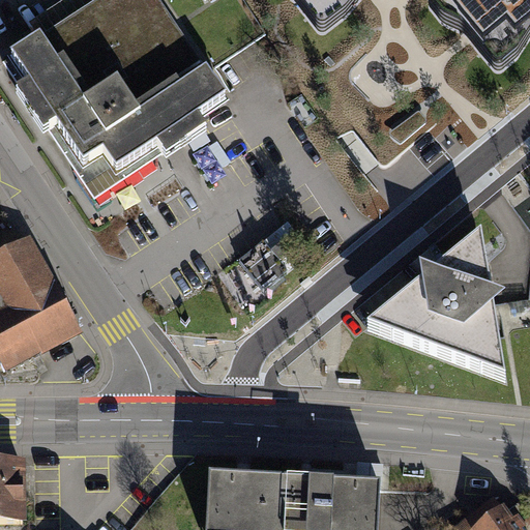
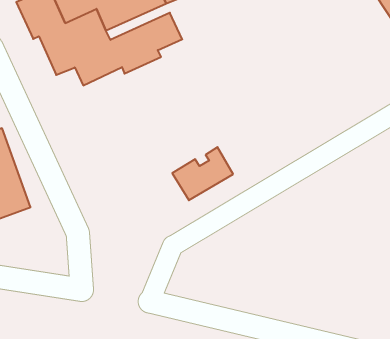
building: [365,228,504,374] -> none

